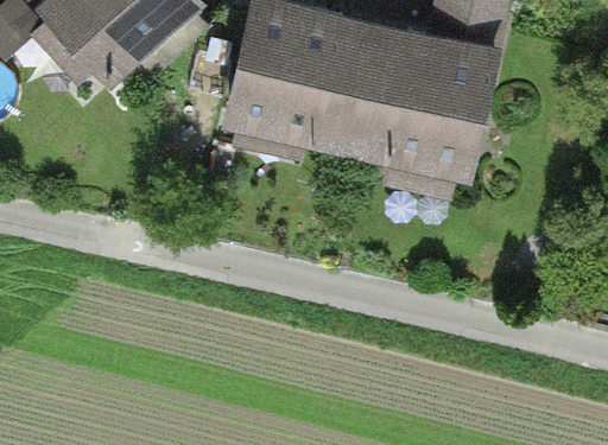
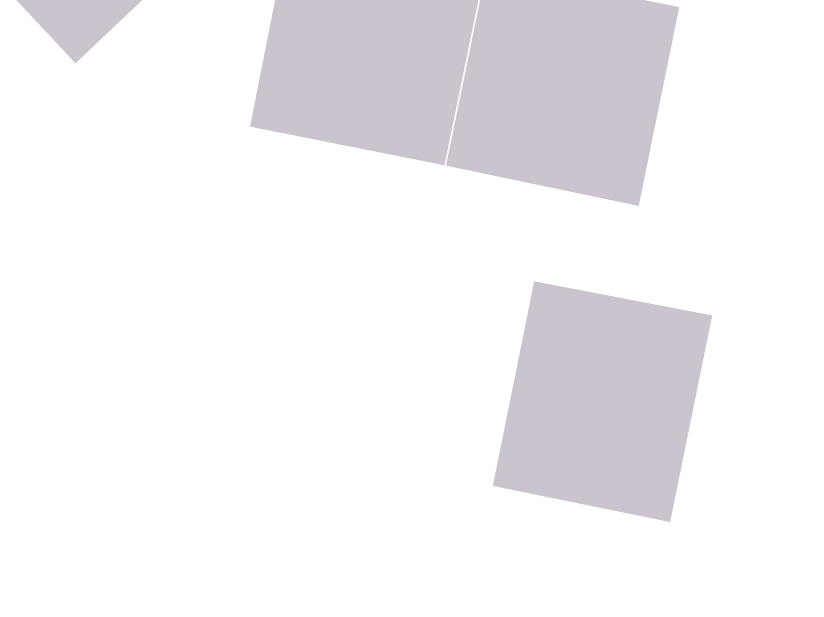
building: none -> [492,280,713,523]

